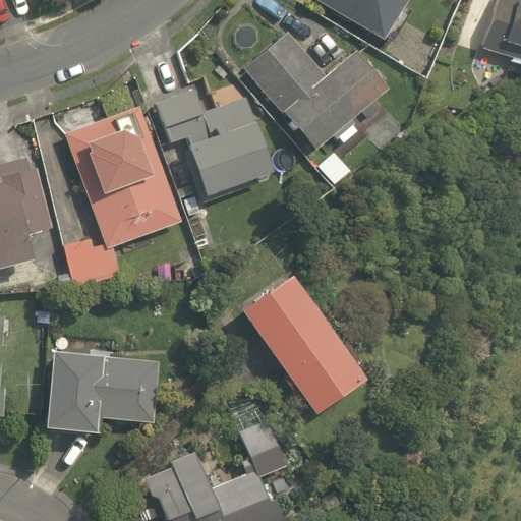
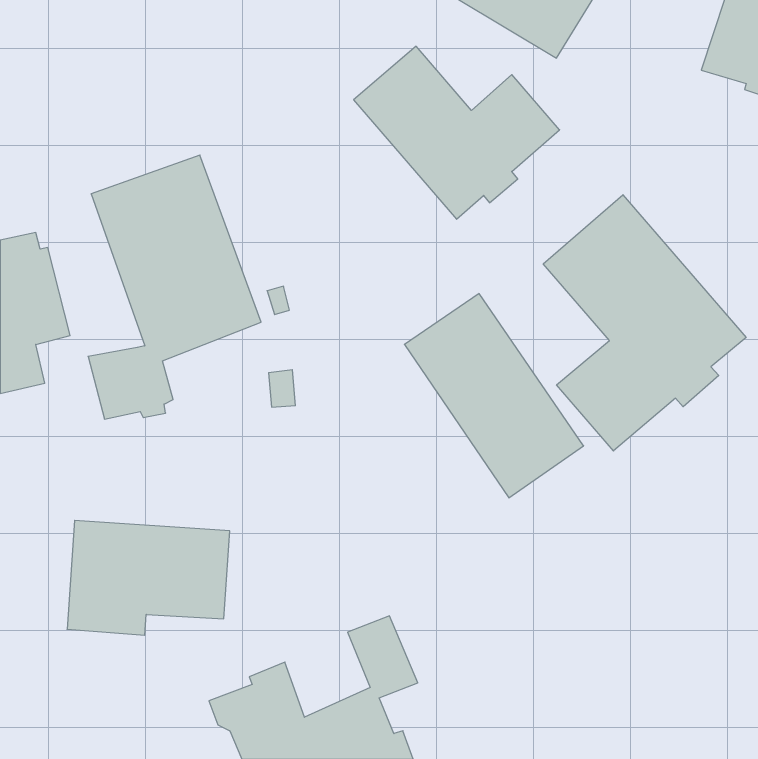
building: [159,90,274,197] -> none
building: none -> [543,195,746,451]
building: [243,276,365,415] -> [404,294,584,498]

